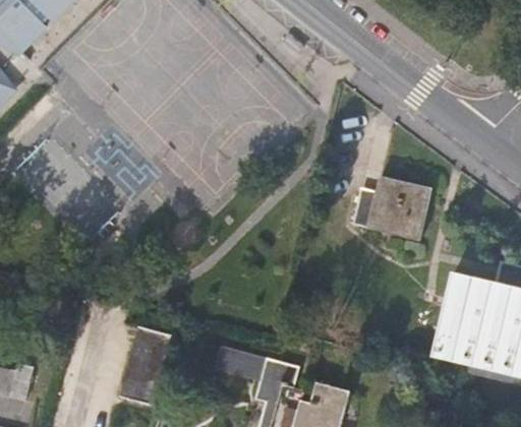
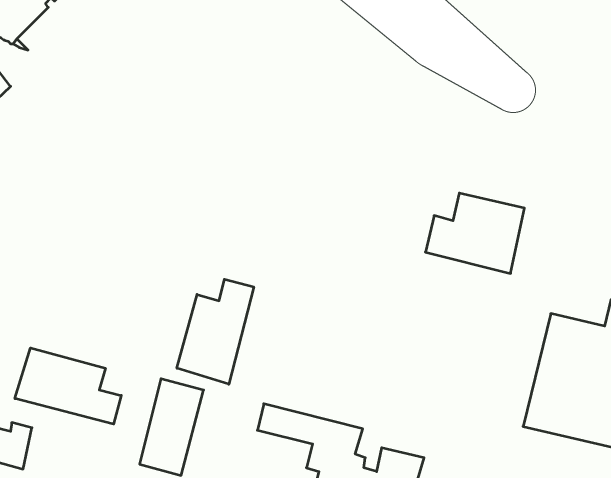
building: none -> [177,279,254,384]
building: none -> [15,348,121,424]

